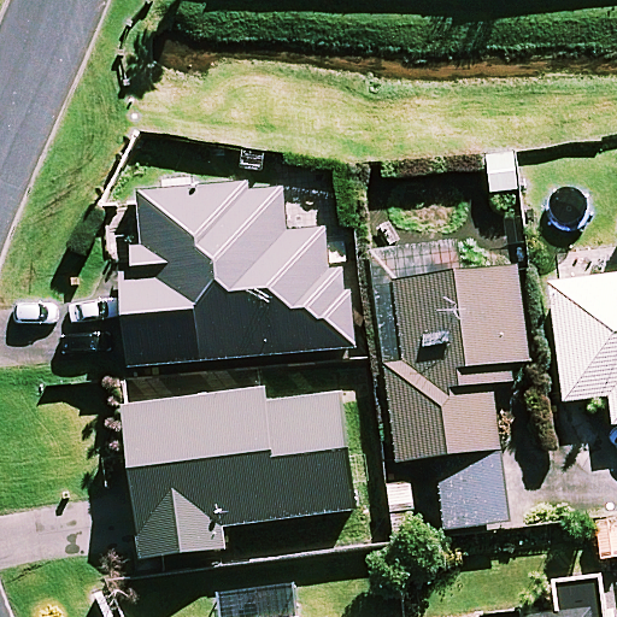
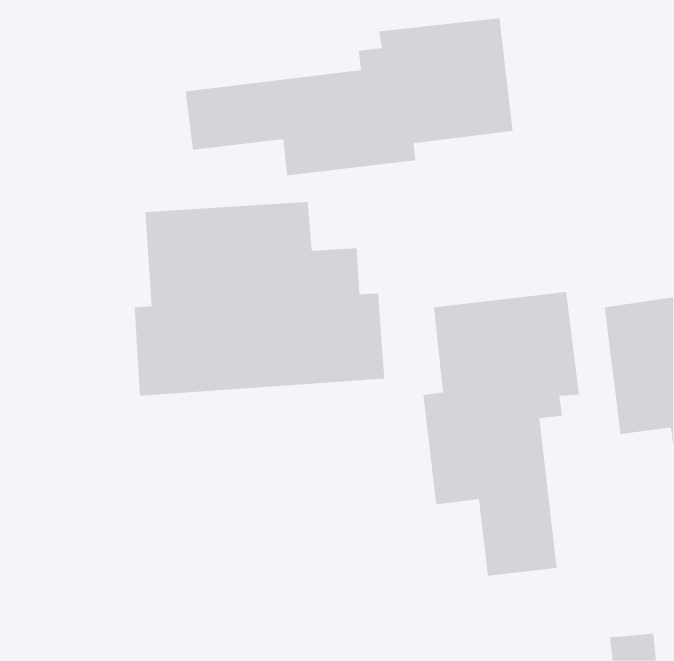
building: none -> [185,17,513,176]
building: [122,388,354,557] -> none

